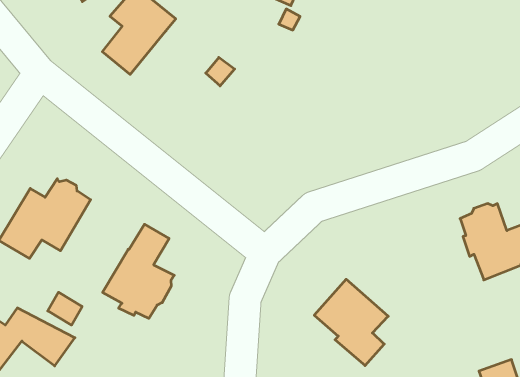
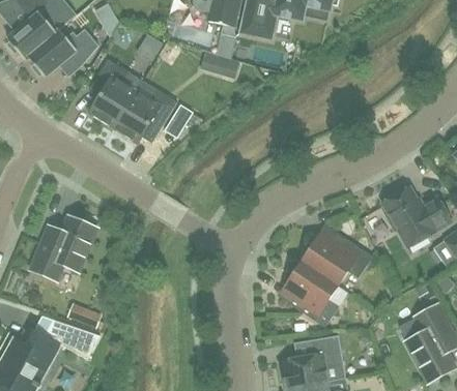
building: none -> [113,89,177,142]
building: [103,224,174,318] -> none
building: none -> [302,230,371,284]

